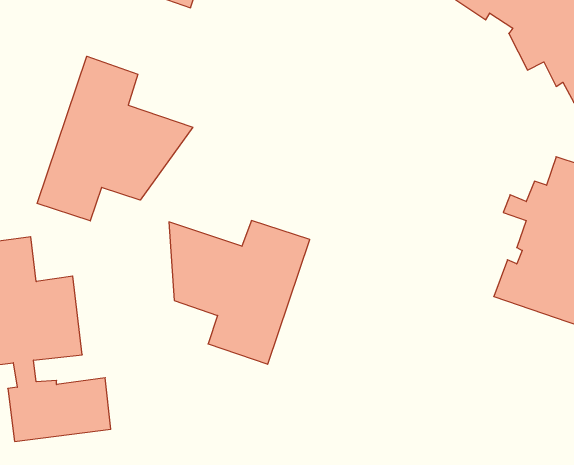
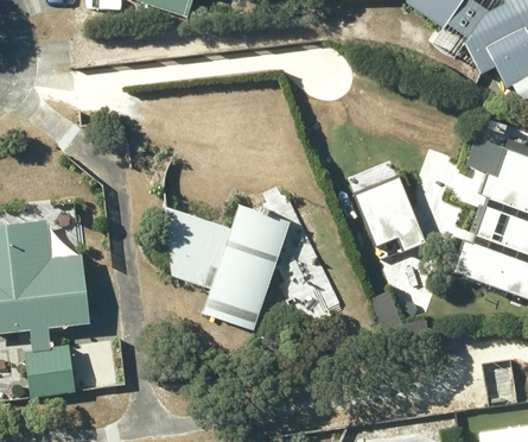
building: [37,56,193,221] -> none
building: none -> [354,175,427,251]

